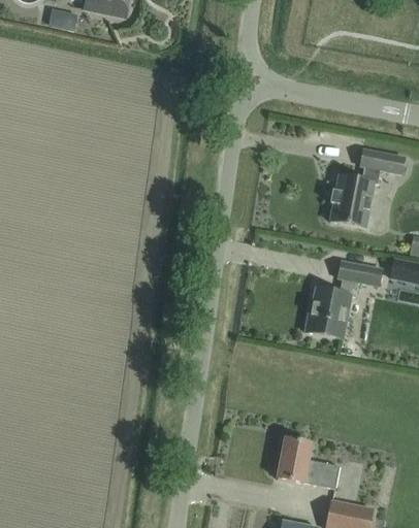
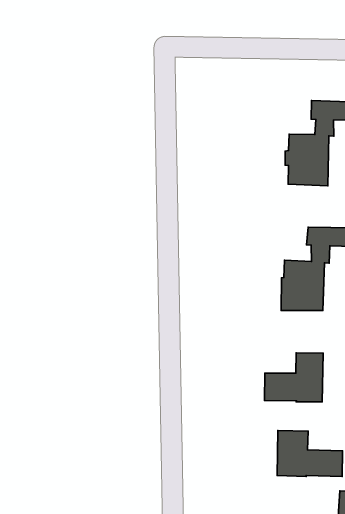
building: none -> [265,353,323,402]

